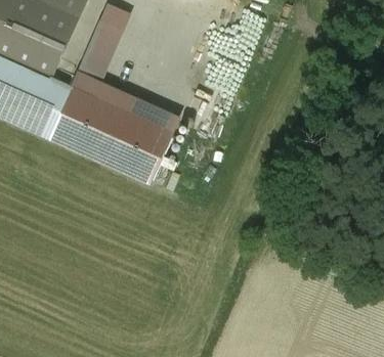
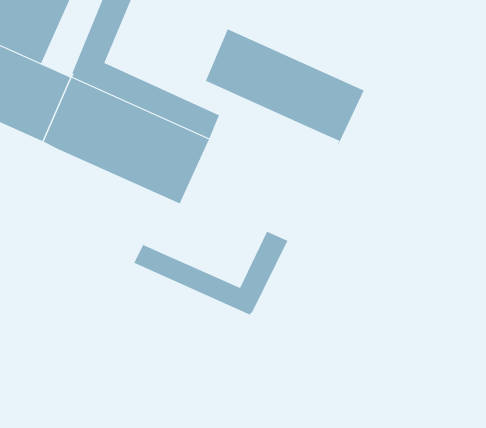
building: none -> [205,29,365,145]
building: none -> [133,231,288,316]

